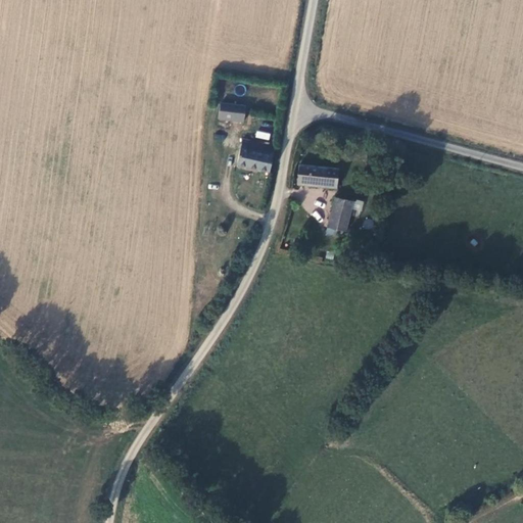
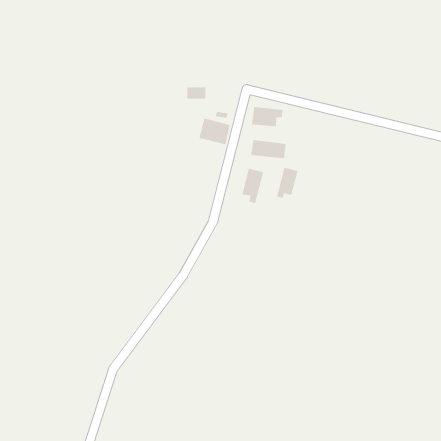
building: none -> [251,106,283,127]
building: none -> [241,168,264,204]

